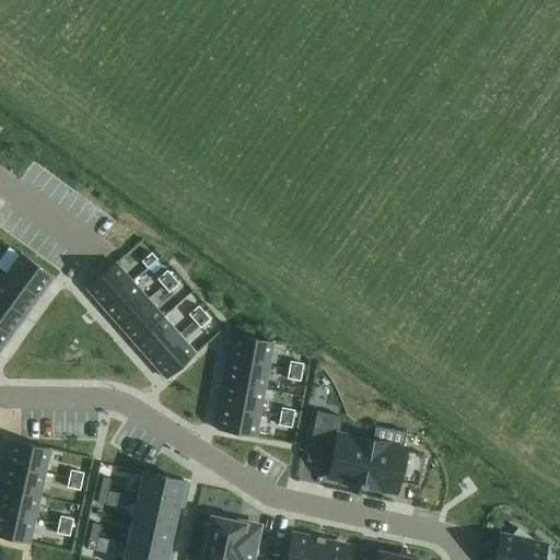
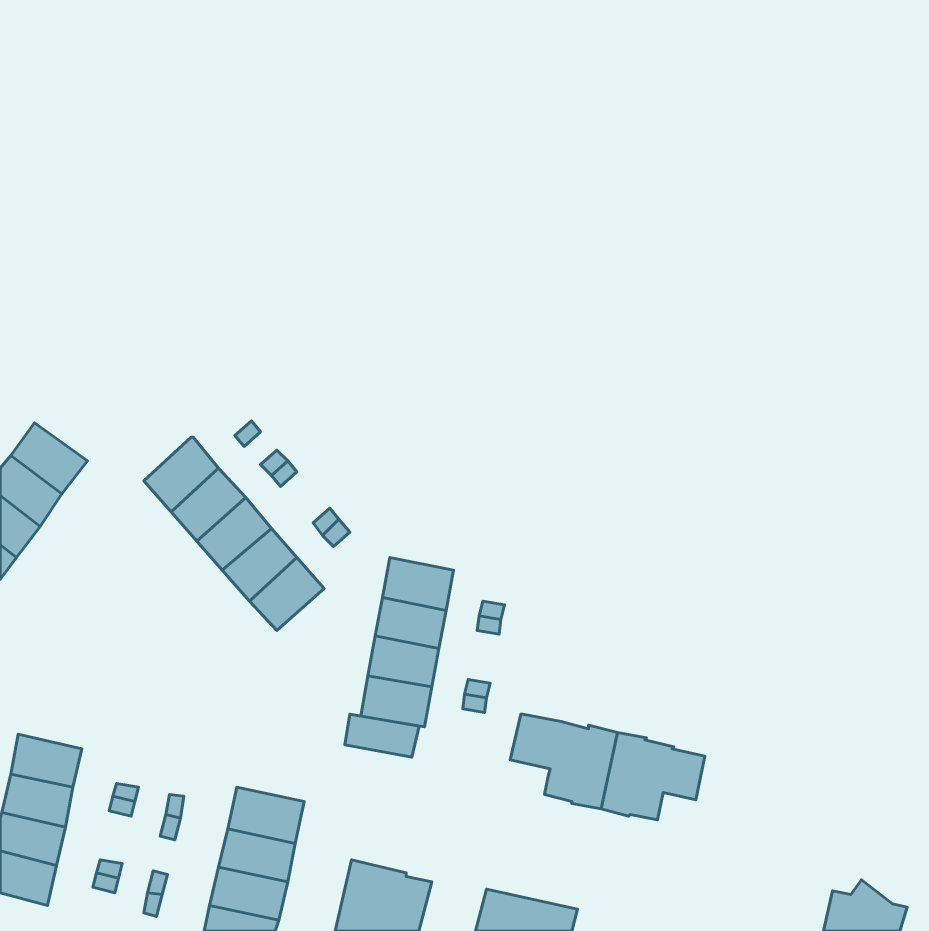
building: none -> [345,714,419,757]

